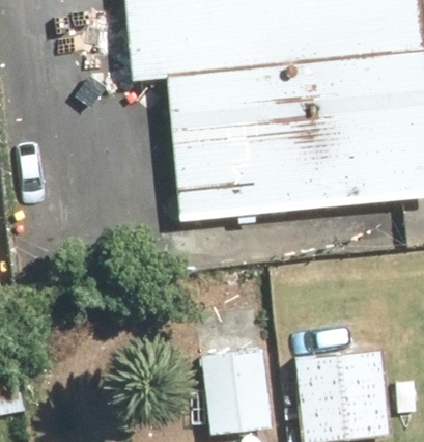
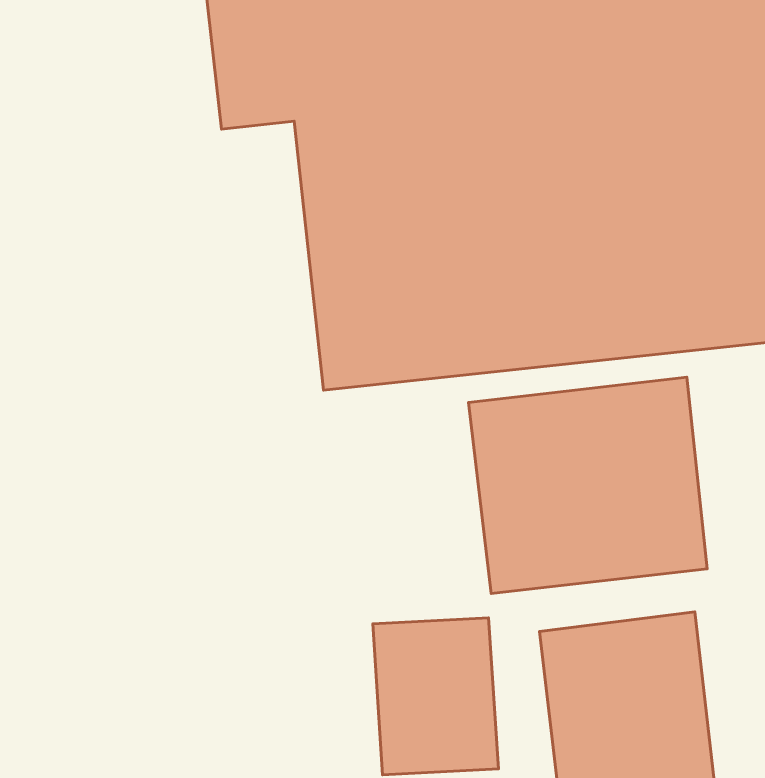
building: none -> [468,377,707,594]

